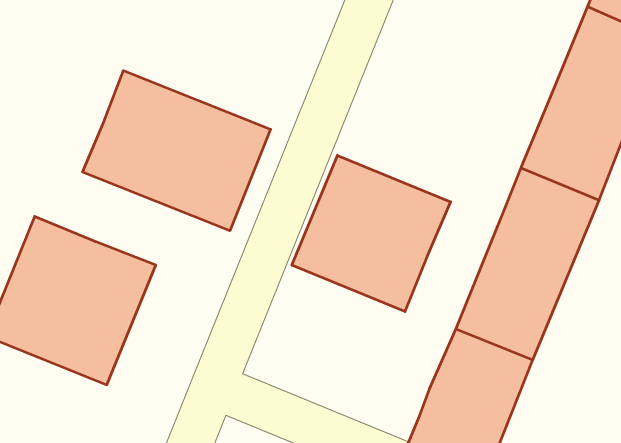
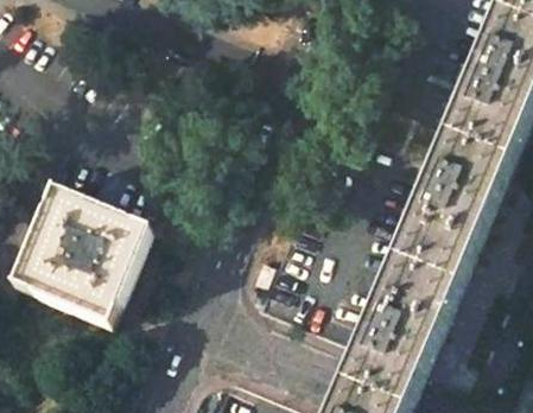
building: [83,71,271,231] -> none
building: [292,155,451,312] -> none

